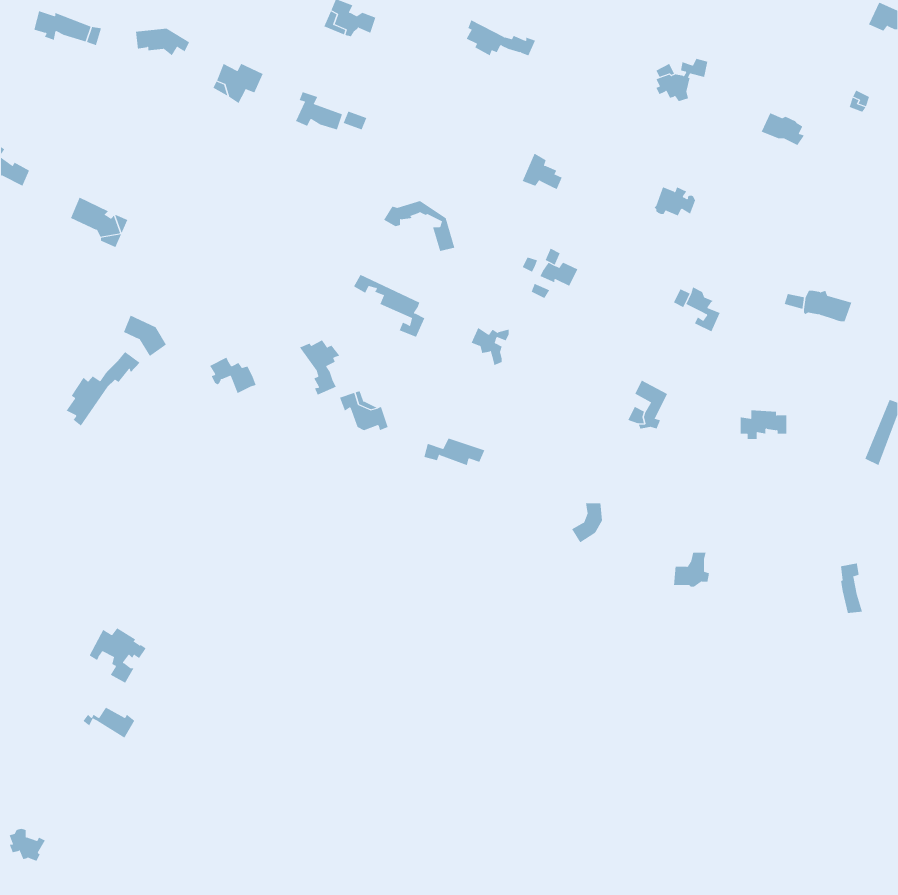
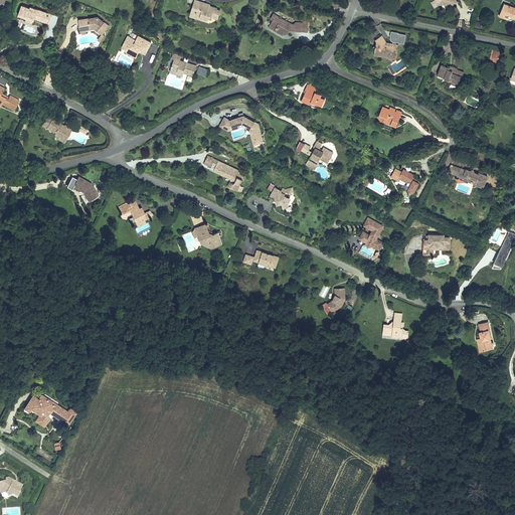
building: [299,339,340,396] -> none
building: [66,351,141,427] -> none
building: [89,627,147,684] -> [27,392,60,424]

